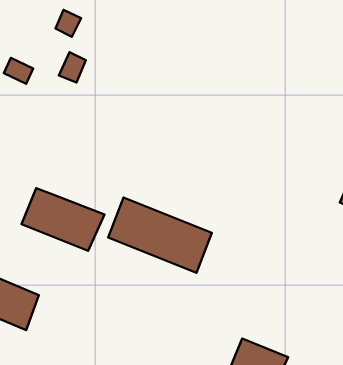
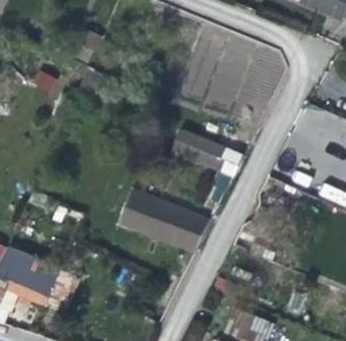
building: none -> [172,130,231,170]
building: [22,188,104,251] -> none

